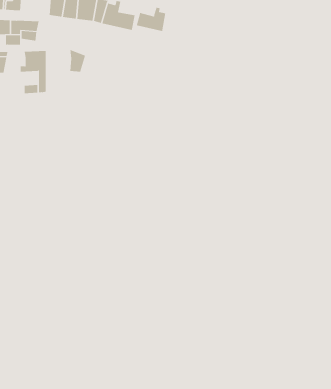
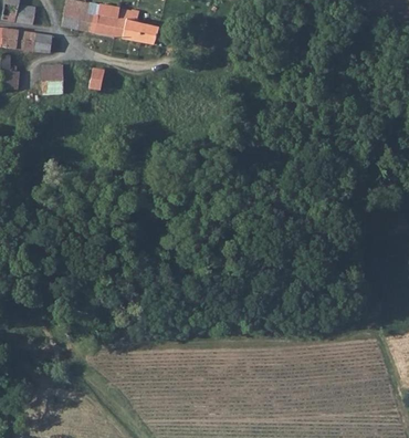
building: [136,7,166,32] -> none

